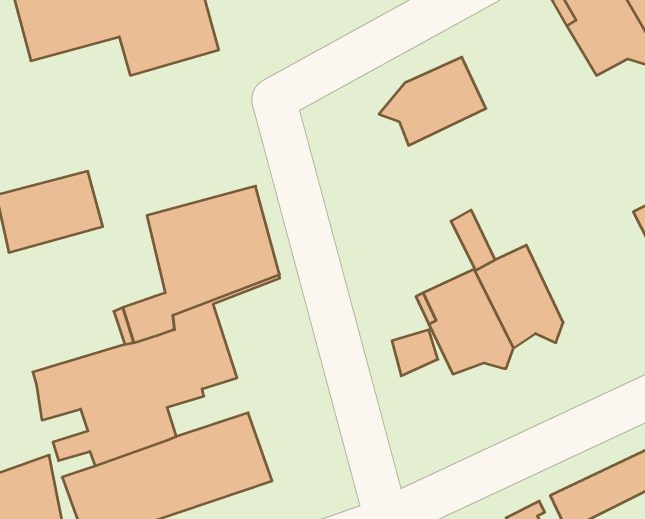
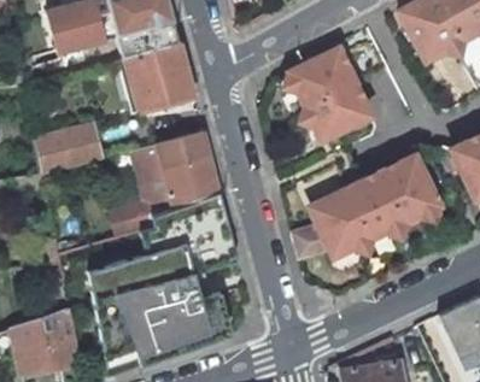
building: none -> [122,43,195,111]
building: none -> [302,82,373,141]
building: none -> [382,155,440,222]

